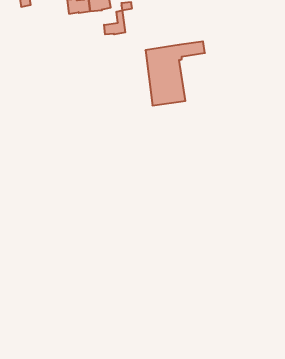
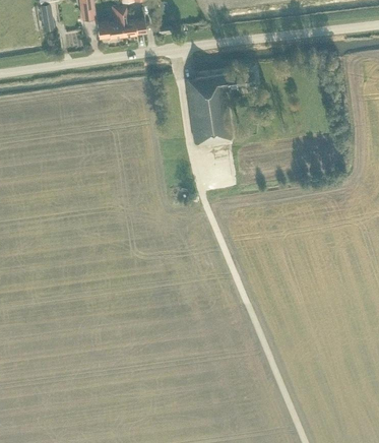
building: [104,10,125,34] -> none

